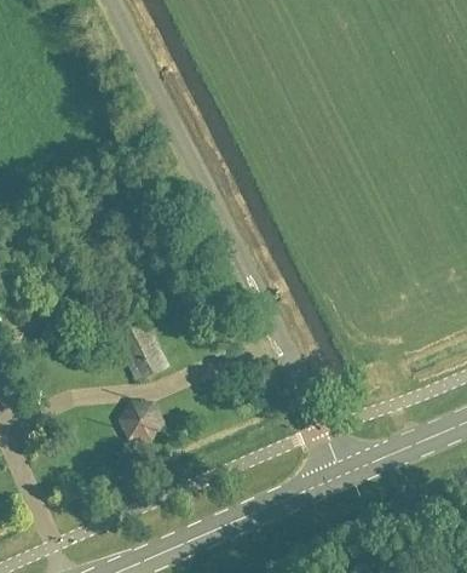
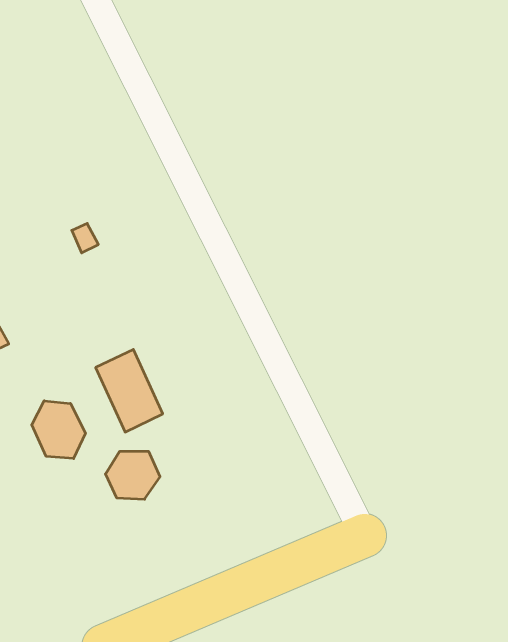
building: none -> [32,401,85,459]

